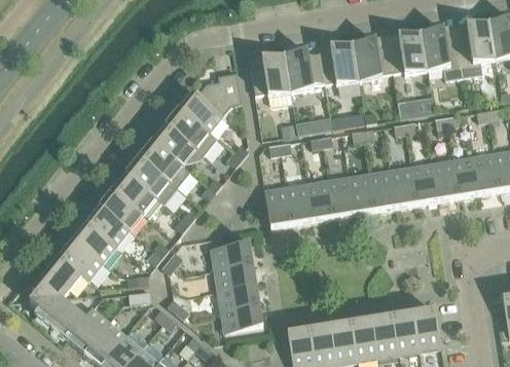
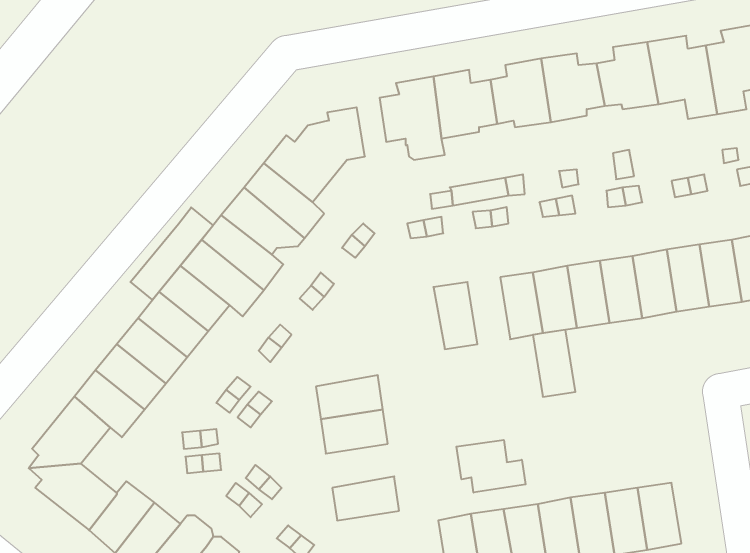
building: none -> [130,207,213,300]
building: [306,180,333,222] -> [533,330,575,397]
building: [264,186,292,229] -> none
building: none -> [456,440,526,493]
building: [217,285,260,313] -> none

